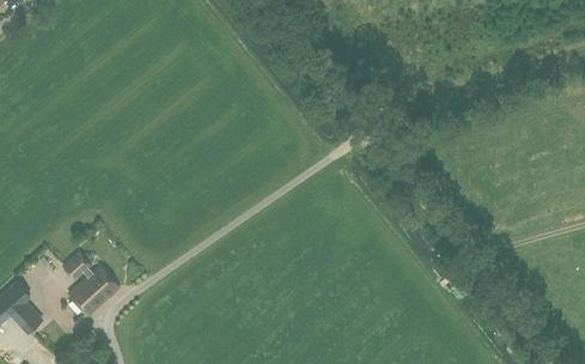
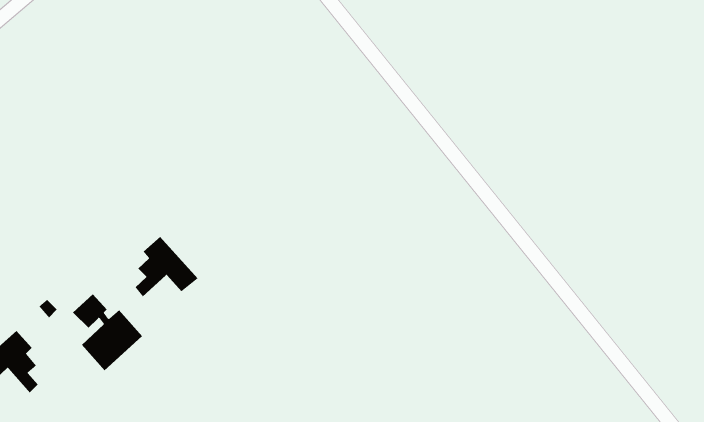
building: none -> [135,236,199,297]

